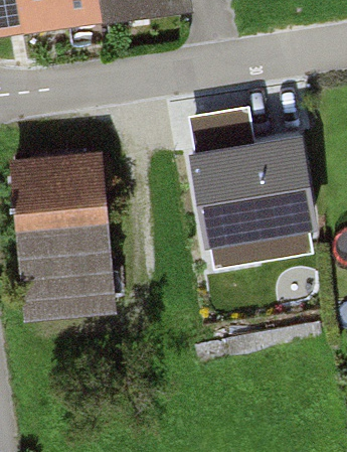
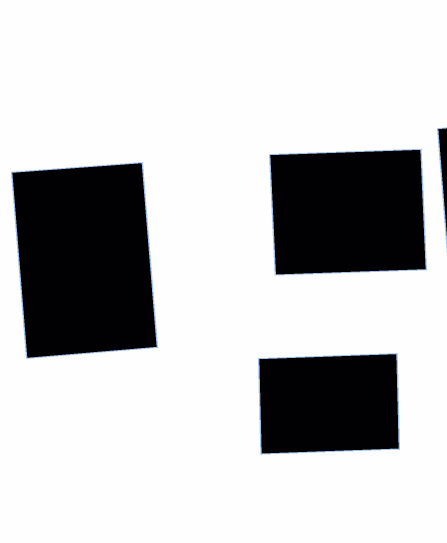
building: none -> [259,354,399,454]

